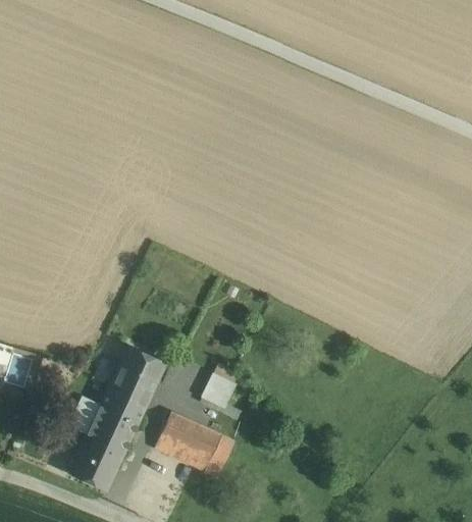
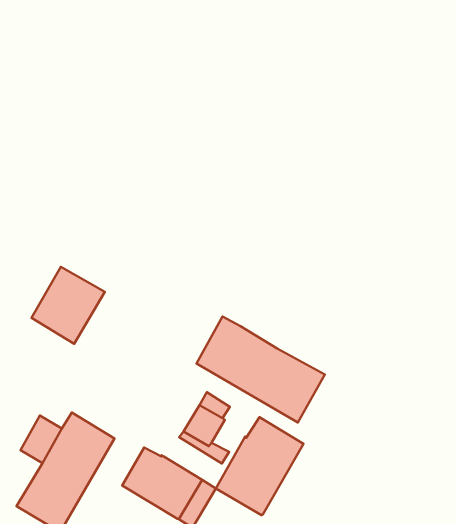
building: none -> [197,316,325,422]
building: [107,345,166,408] -> [32,267,105,344]
building: none -> [216,417,303,515]

